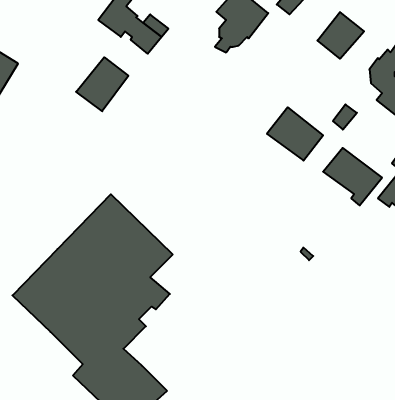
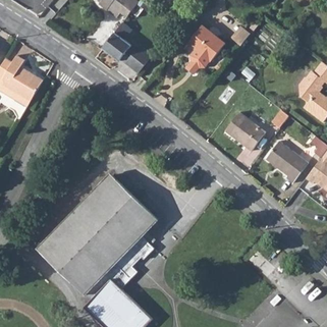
building: [317,12,364,59] -> none
building: [76,57,128,111] -> none

